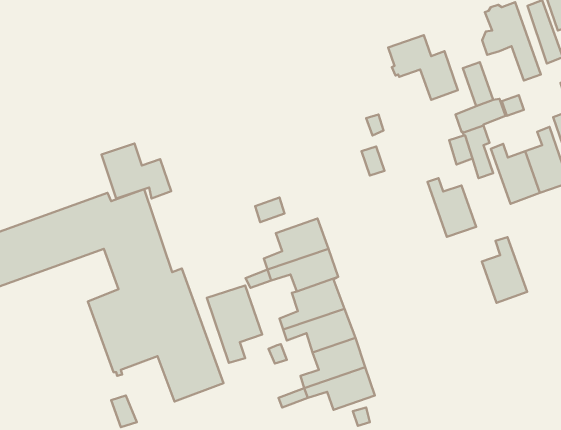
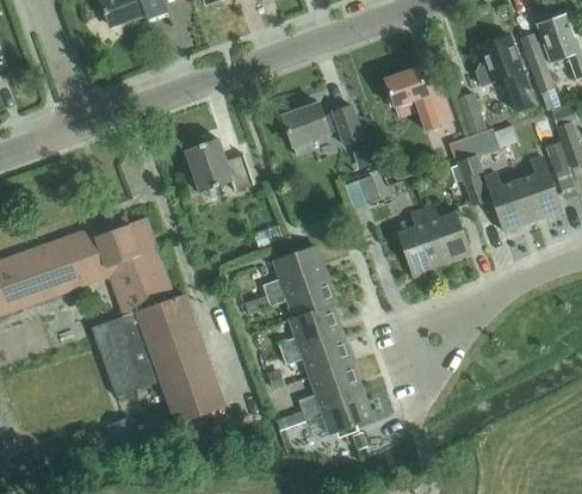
building: none -> [278,103,363,156]
building: [102,143,171,198] -> [185,138,253,192]
building: [482,237,527,303] -> [397,210,441,274]
building: [207,285,262,363] -> none

